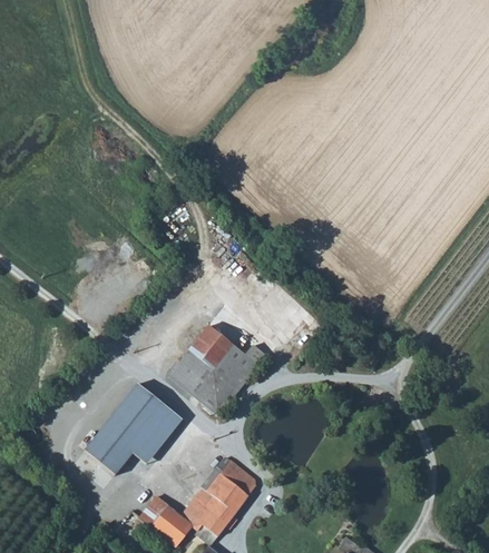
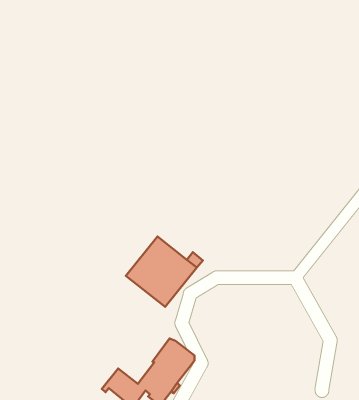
building: [84,385,182,476] -> none

